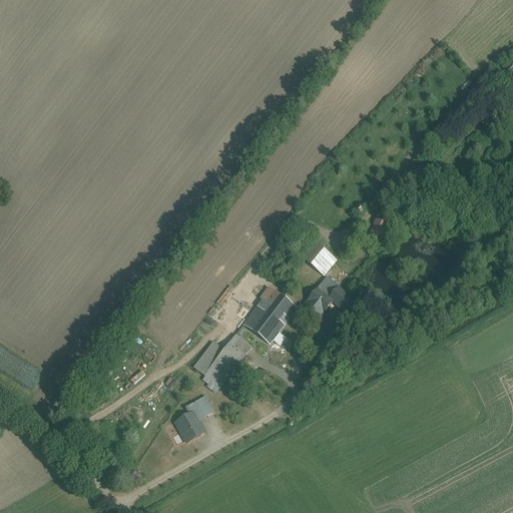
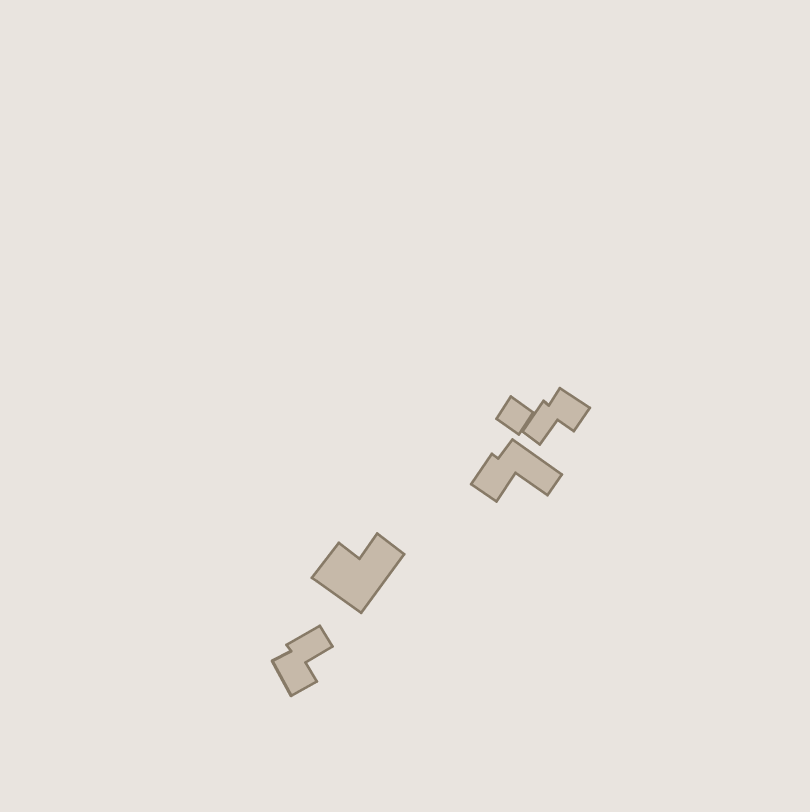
building: none -> [522,388,590,444]
building: [239,286,297,345] -> none

